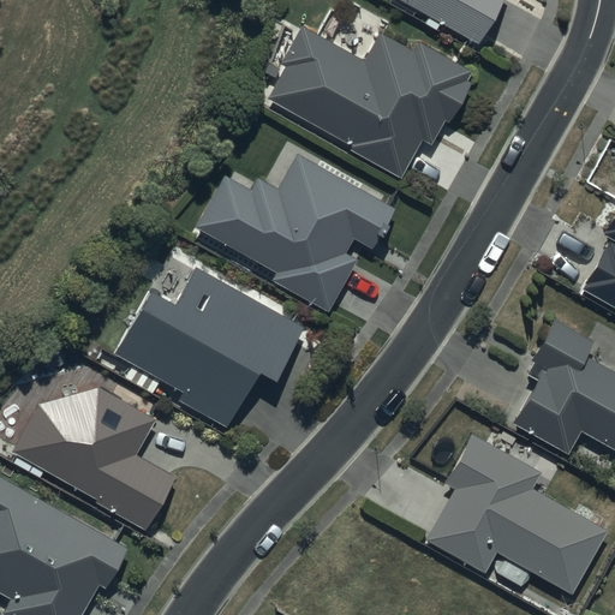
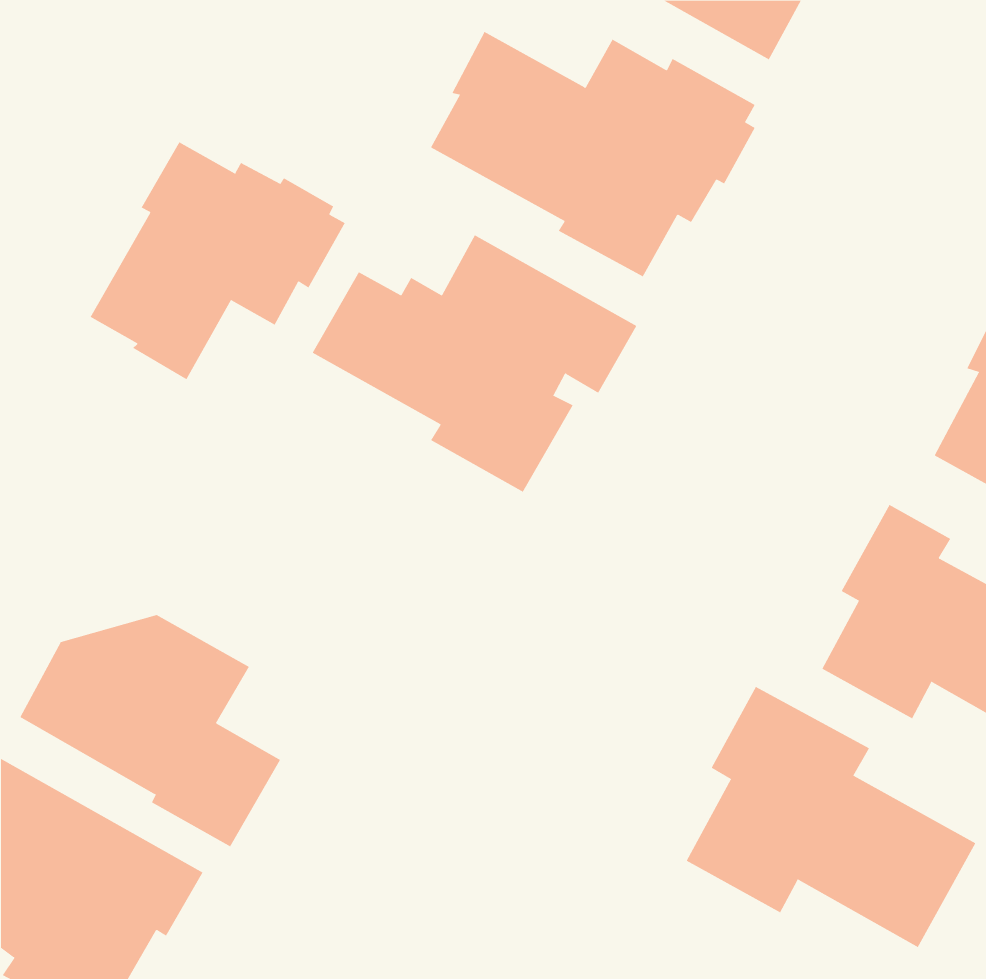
building: none -> [90,141,345,380]
building: [115,267,303,428] -> none

